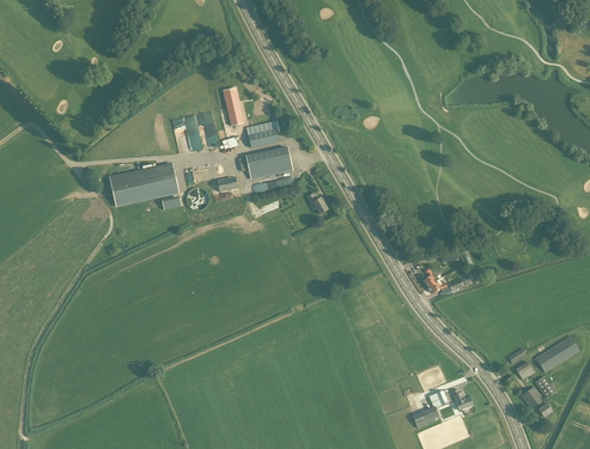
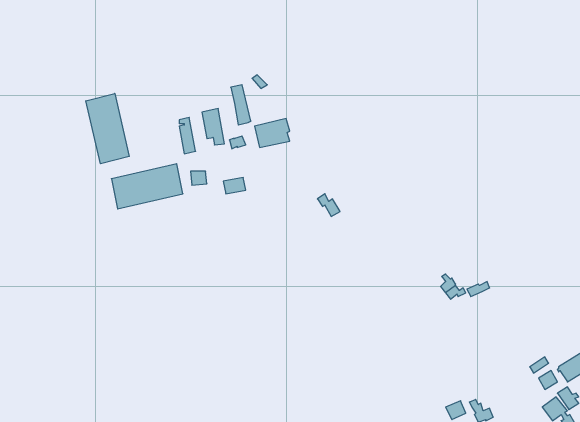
building: none -> [86,93,129,164]
building: [245,145,293,180] -> none

